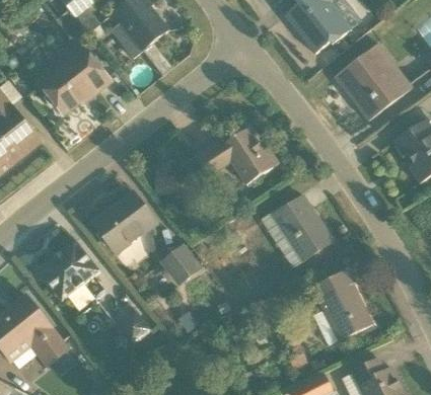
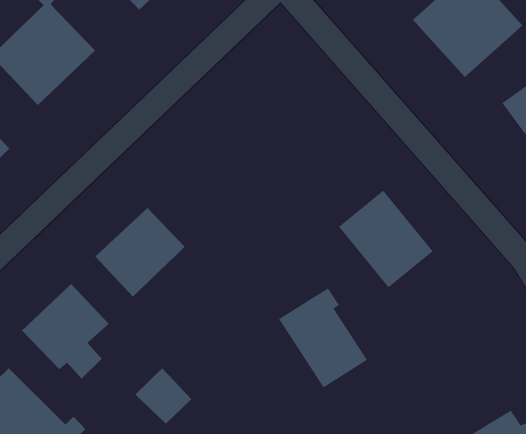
building: [194,127,278,184] -> none
building: [159,244,200,284] -> none
building: [310,267,371,338] -> [278,287,368,388]

